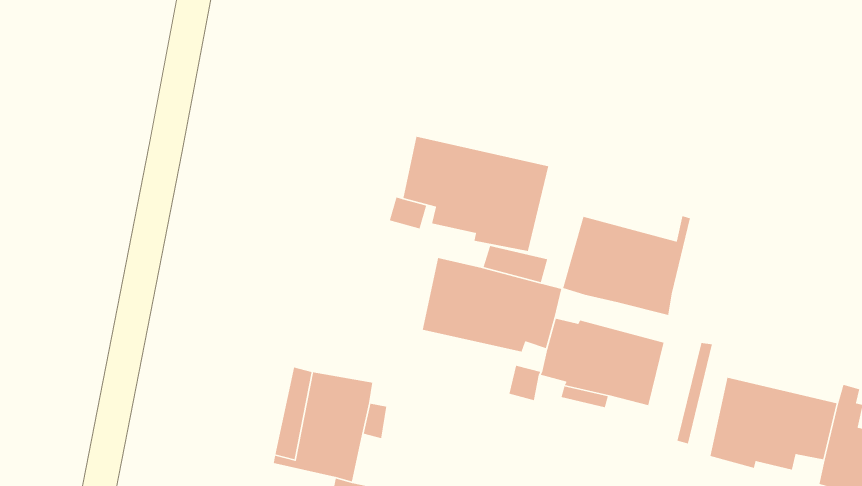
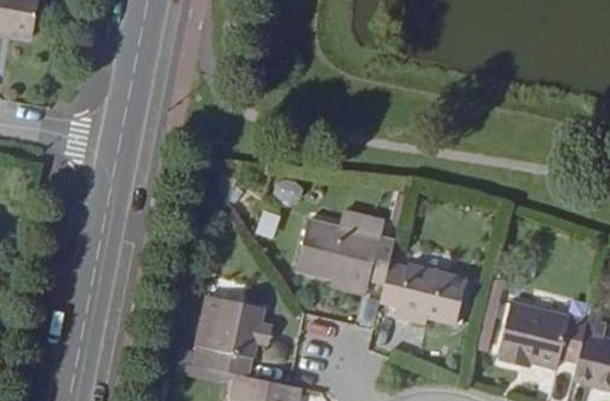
building: [402,136,549,252] -> none
building: [562,215,691,316] -> none

